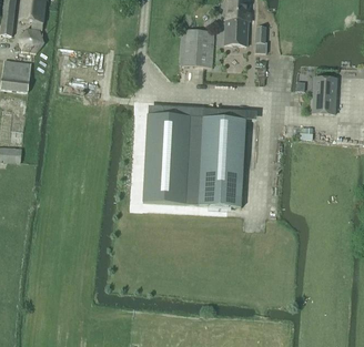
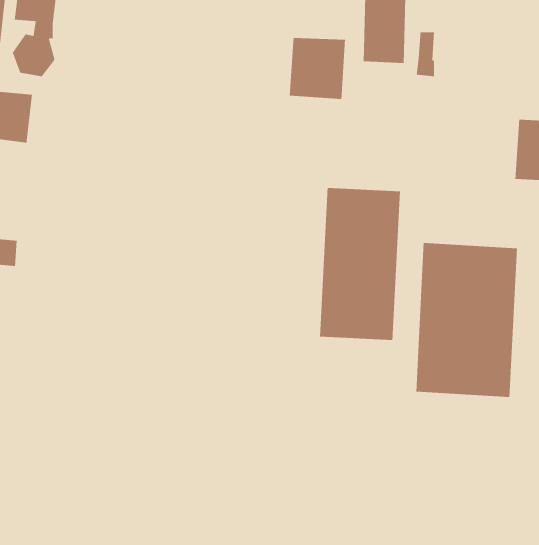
building: [142,113,202,204] -> [415,242,518,398]

